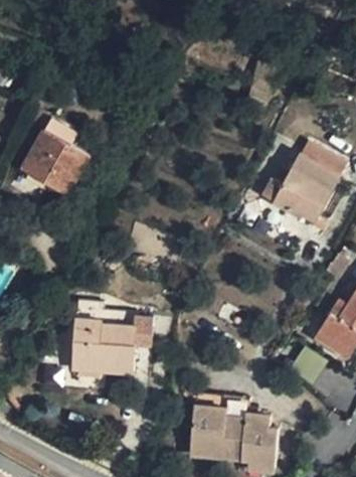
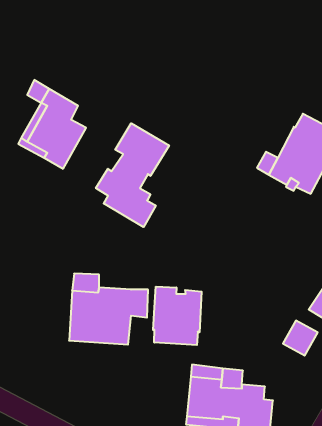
building: none -> [96,123,169,227]
building: none -> [153,287,202,345]

